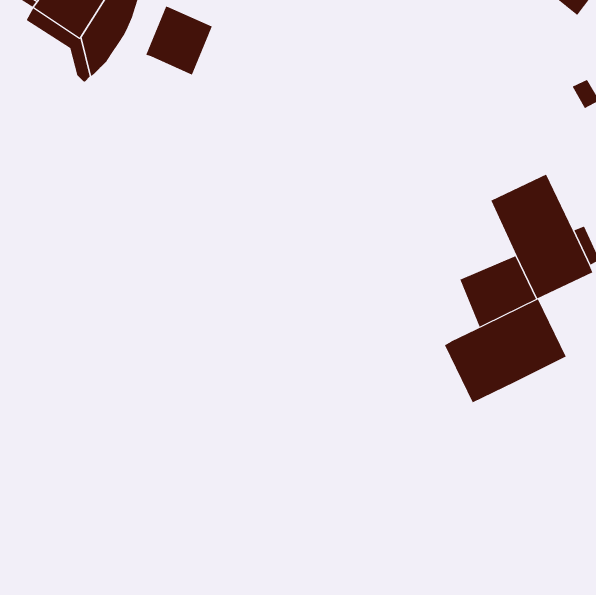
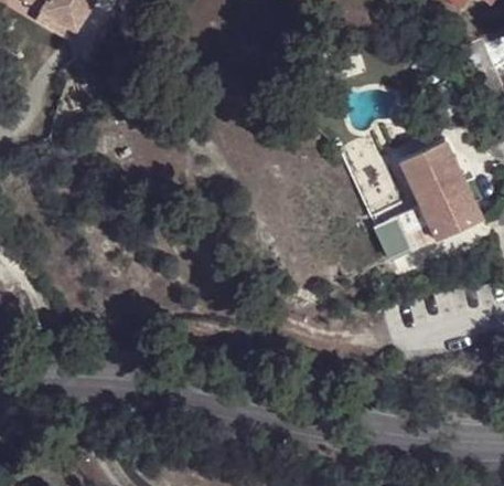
building: [146,6,213,75] -> none
building: [444,299,567,403] -> none

